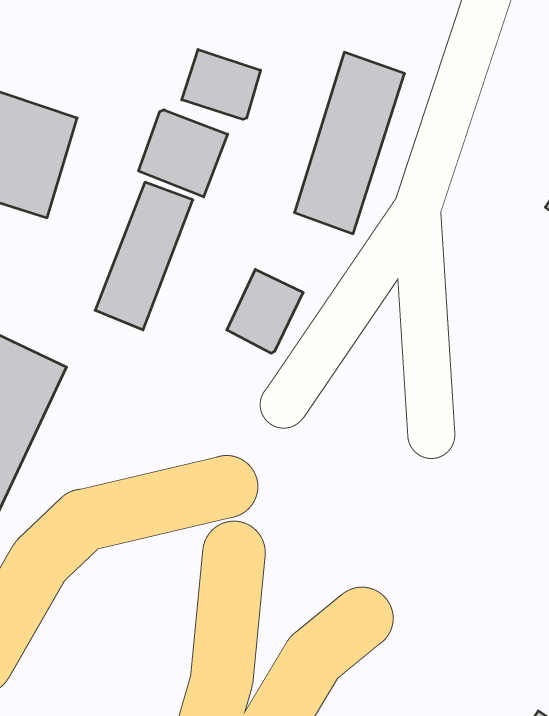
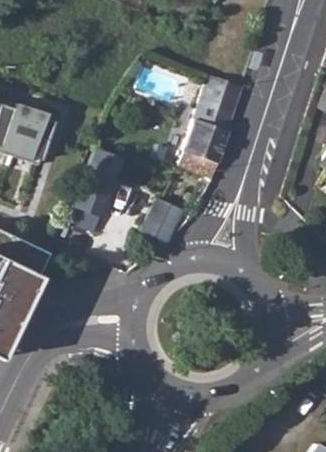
building: [182,49,261,119] -> none
building: [139,110,228,197] -> none

